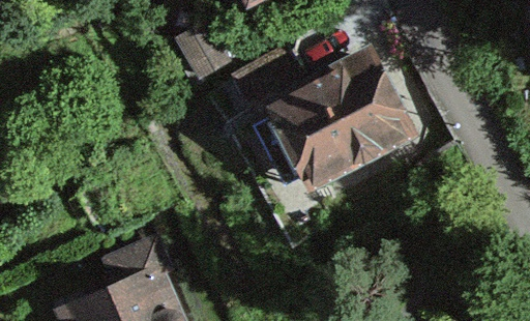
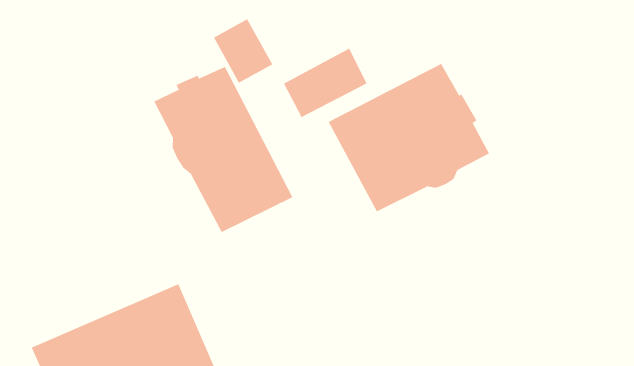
building: none -> [153,66,293,233]

